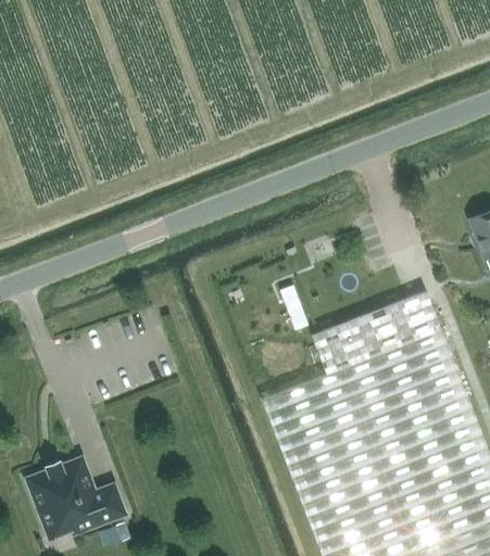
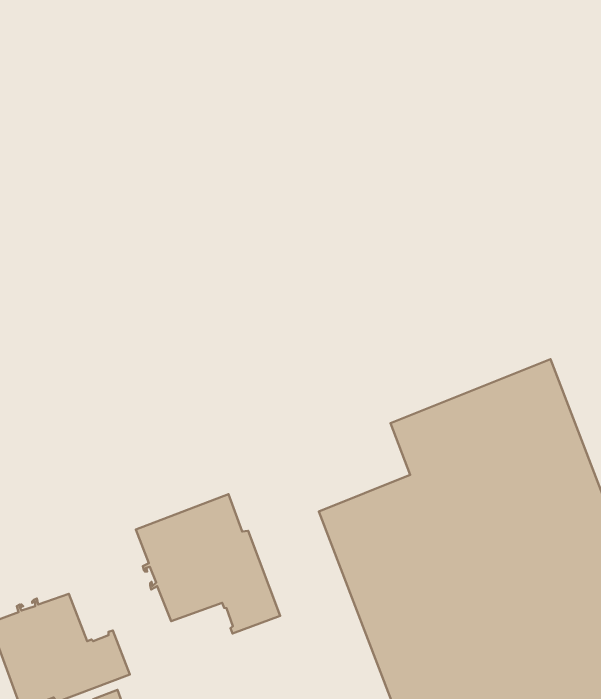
building: none -> [136,494,280,633]

